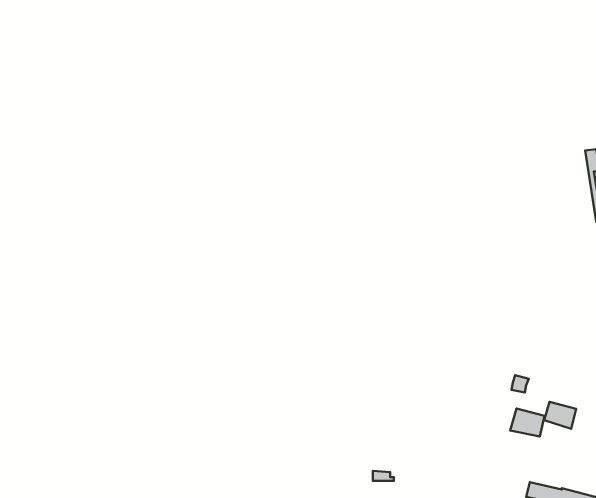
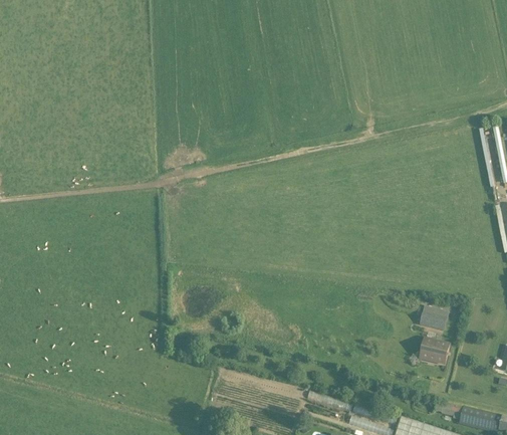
building: [544,402,576,429] -> none

